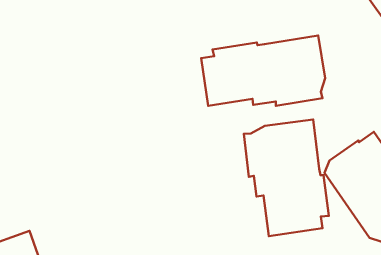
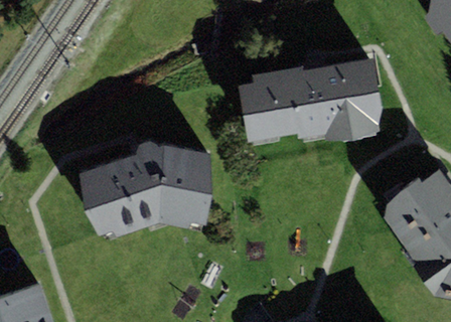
building: none -> [78,141,210,236]
building: [244,119,329,236] -> none

